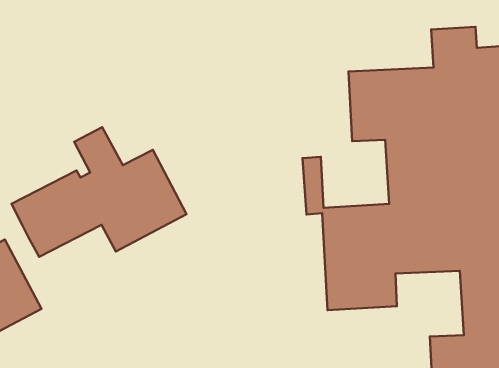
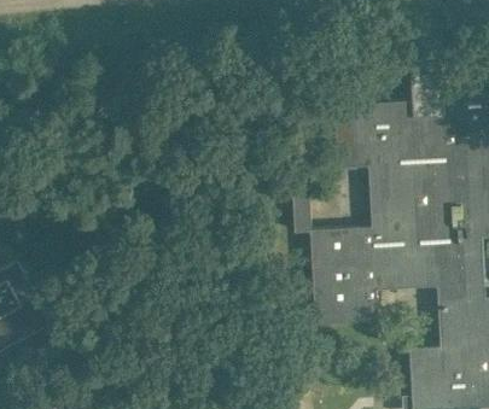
building: [12,127,187,257] -> none

